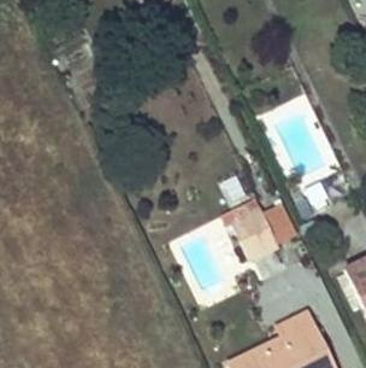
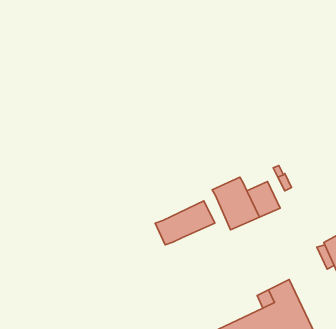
building: none -> [155,201,215,245]

